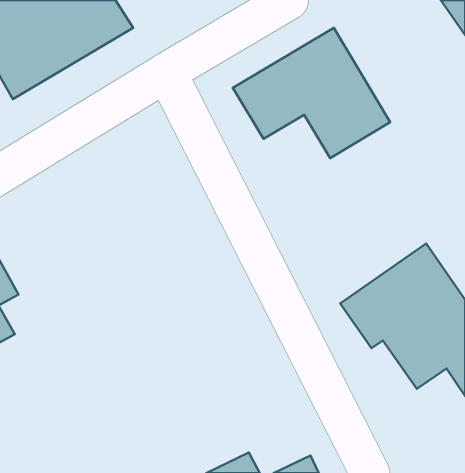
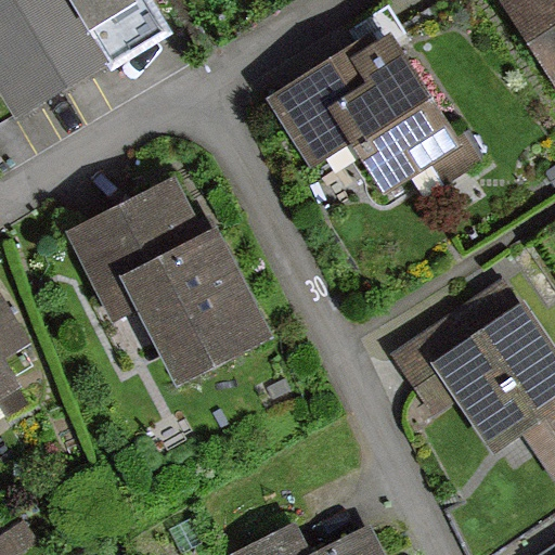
building: none -> [74,179,270,382]

